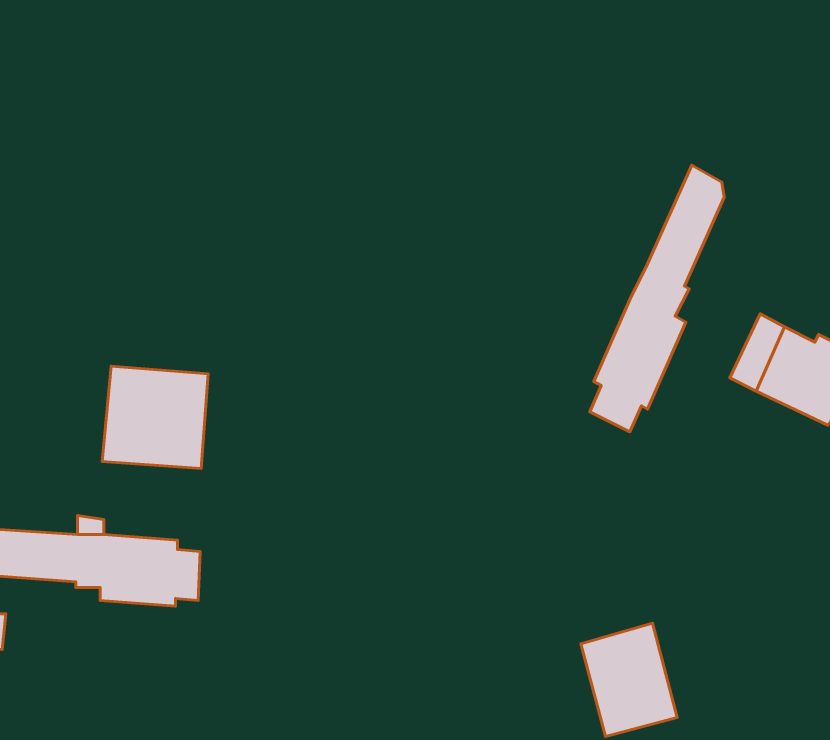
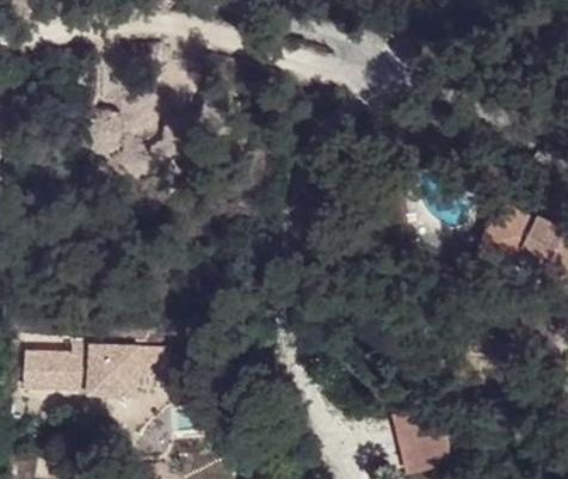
building: [590,165,724,432] -> none
building: [102,366,208,468] -> none

